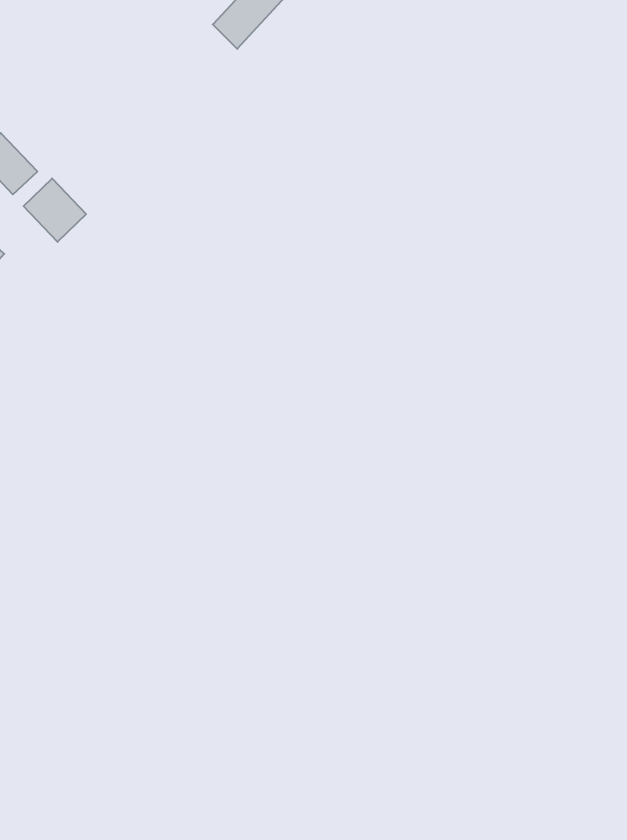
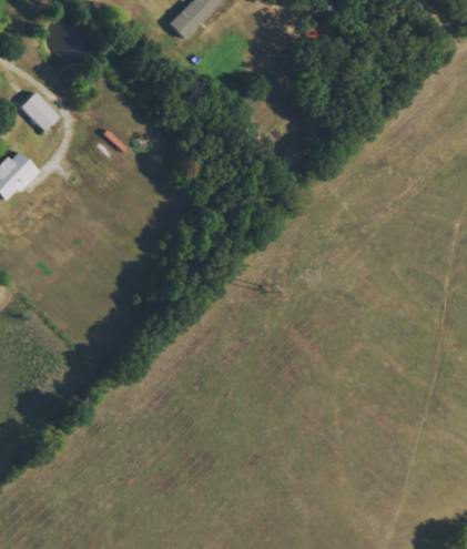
building: [24,178,86,242] -> none

